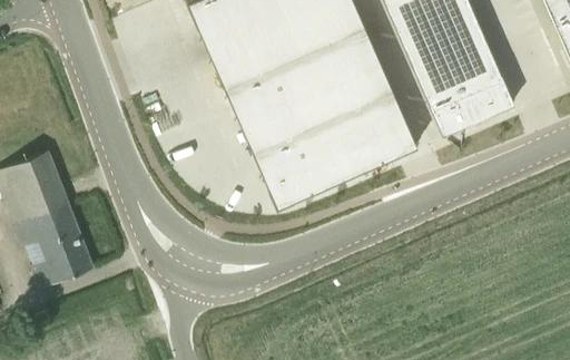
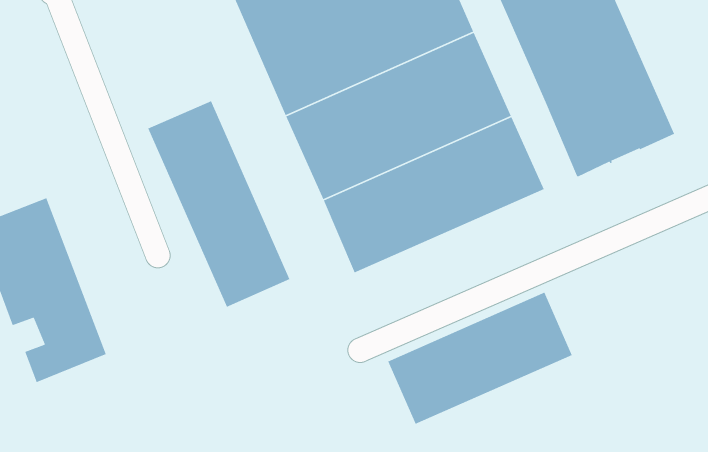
building: none -> [147,100,291,308]
building: none -> [387,292,573,425]

